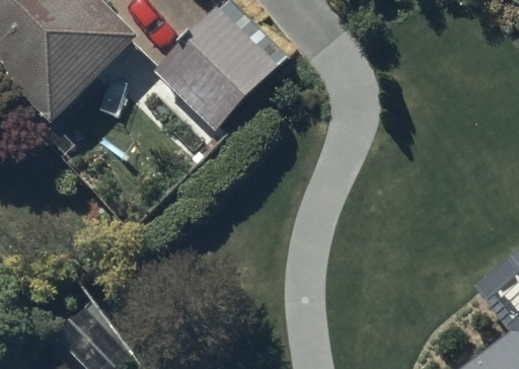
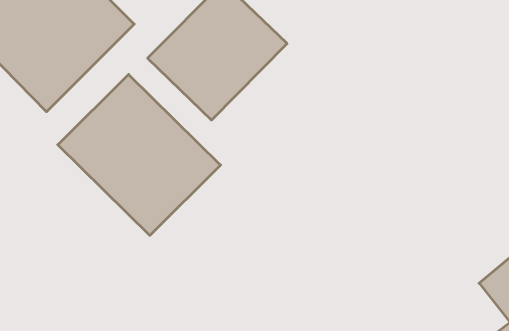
building: none -> [58,74,221,235]

